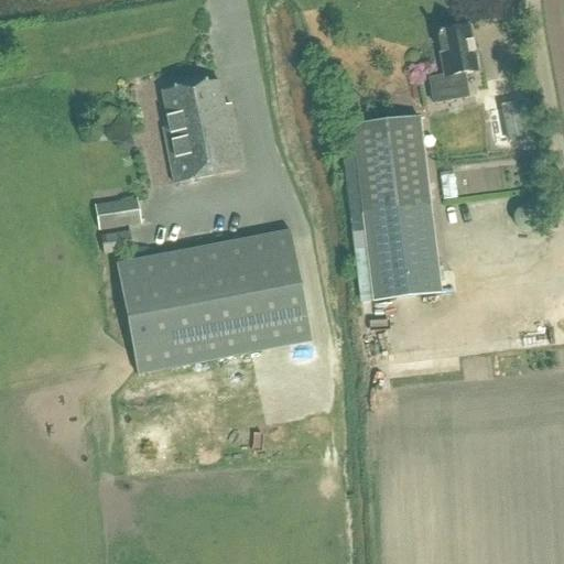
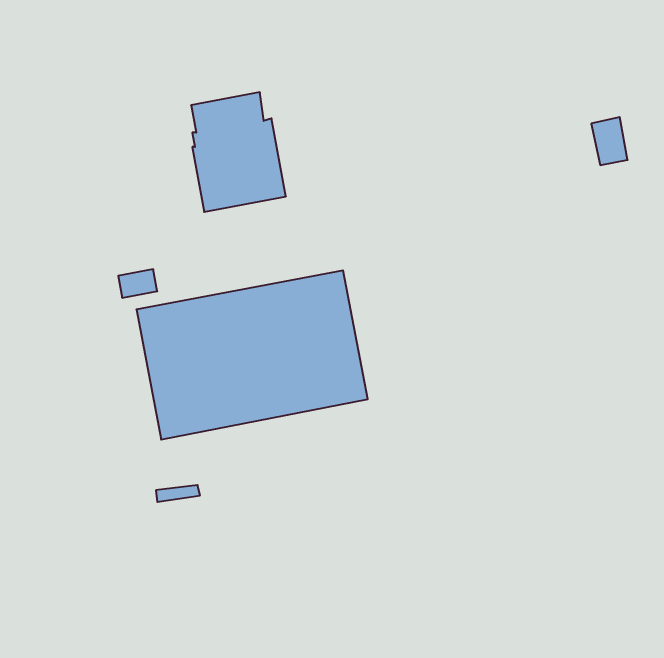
building: [427,25,477,100] -> none
building: [351,115,440,299] -> none
building: [96,195,140,228] -> none

